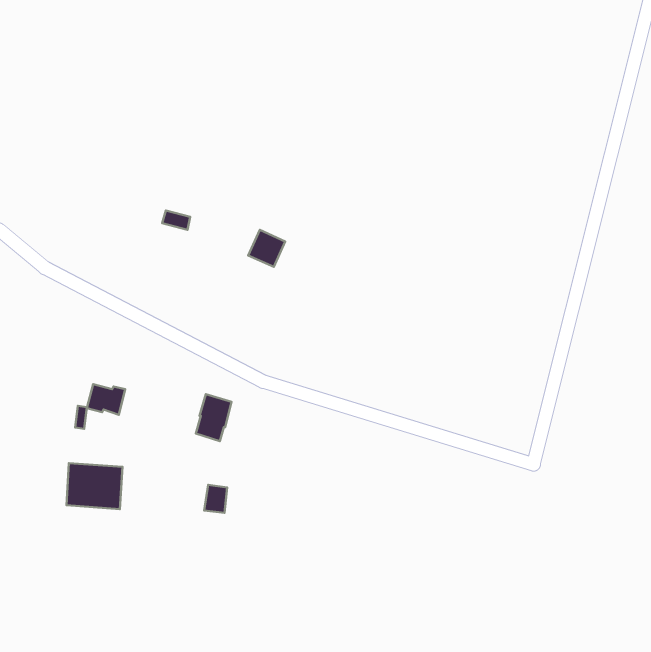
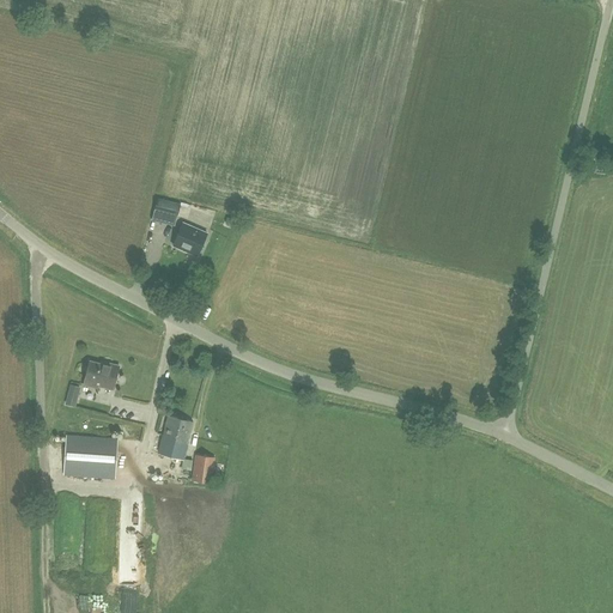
building: [248,230,285,267] -> [171,221,206,256]
building: [196,394,231,441] -> [158,414,192,459]

